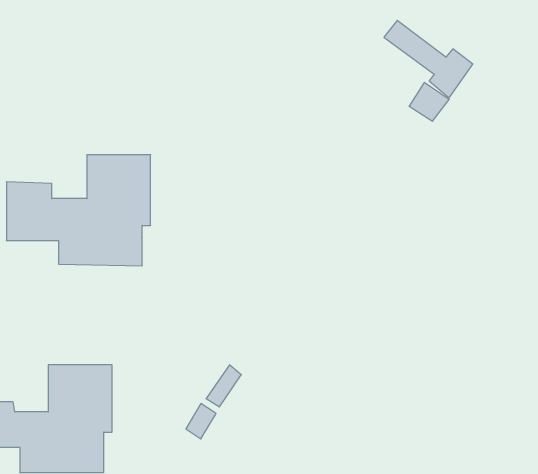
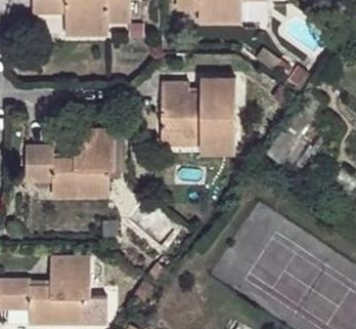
building: none -> [160,77,234,143]

